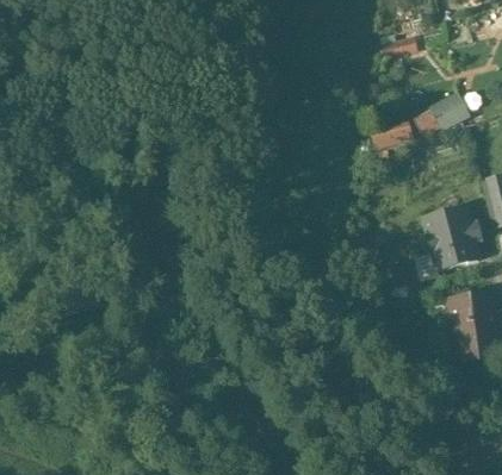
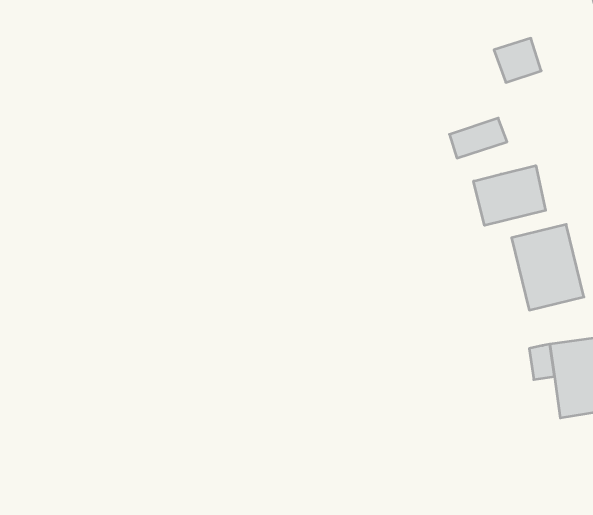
building: [434,89,472,125] -> [494,38,541,82]
building: none -> [474,166,546,225]

